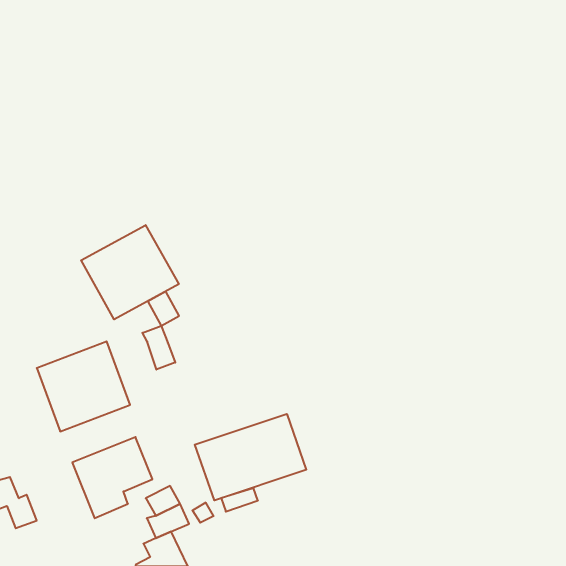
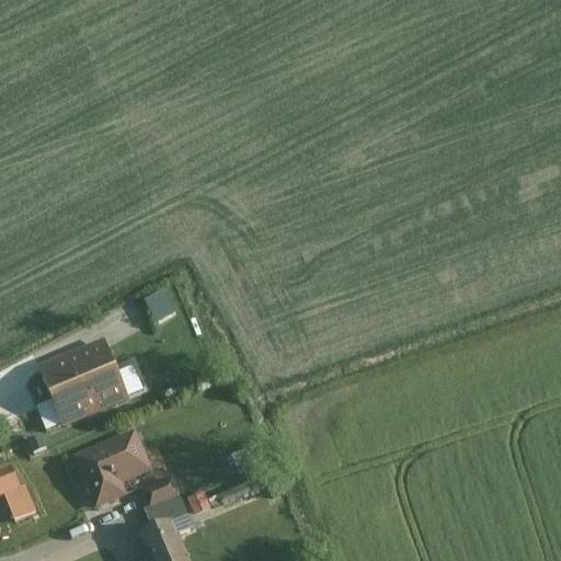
building: [81,225,179,319] -> none
building: [142,326,175,370] -> none
building: [195,414,306,500] -> none

